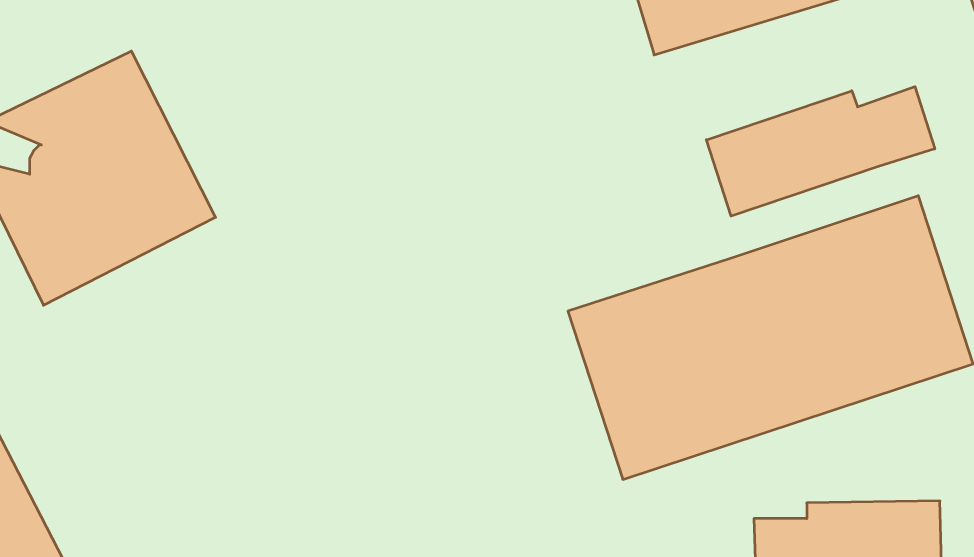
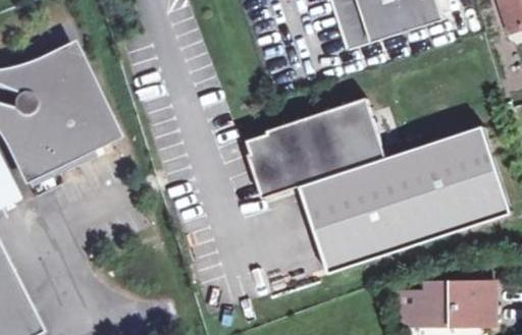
building: [706,87,935,216] -> none
building: none -> [246,96,383,196]

